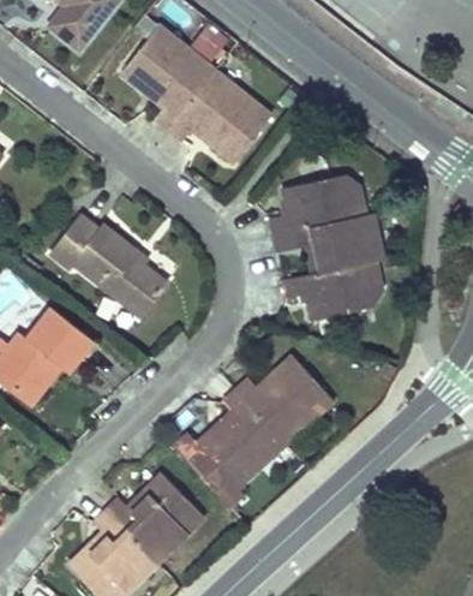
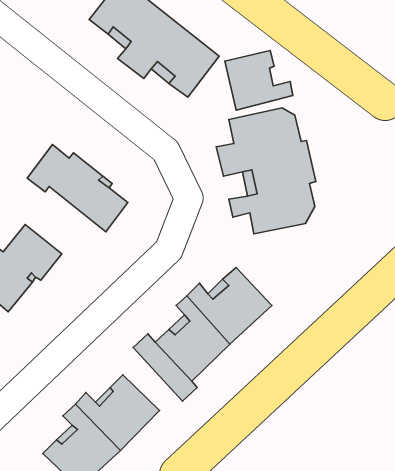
building: none -> [225,51,293,110]

